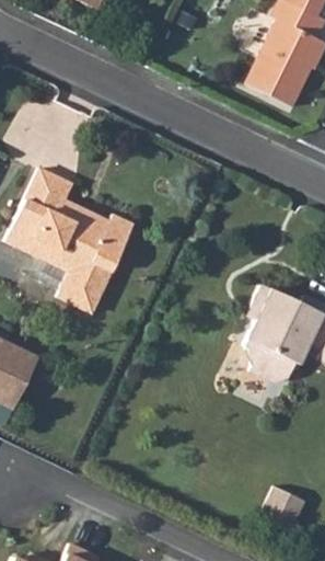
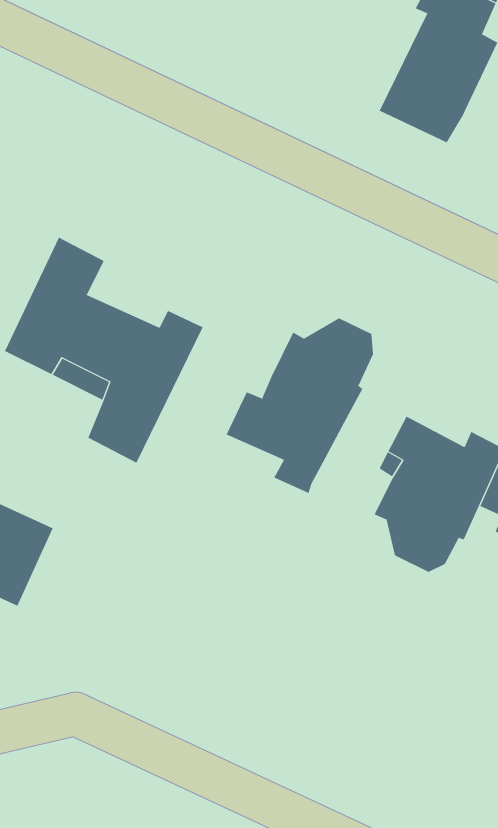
building: none -> [226,318,374,494]
building: [265,490,307,536] -> none

